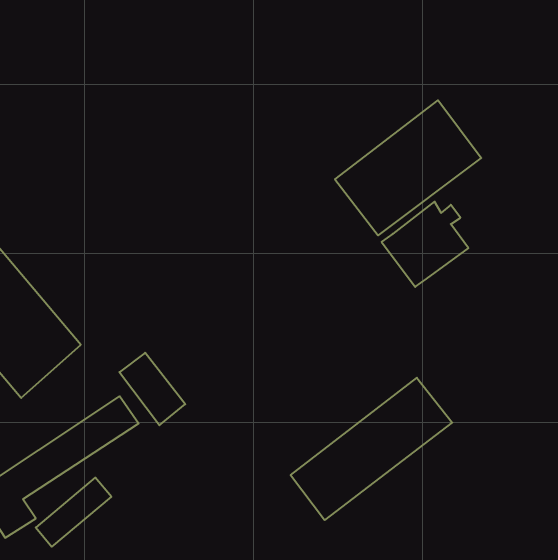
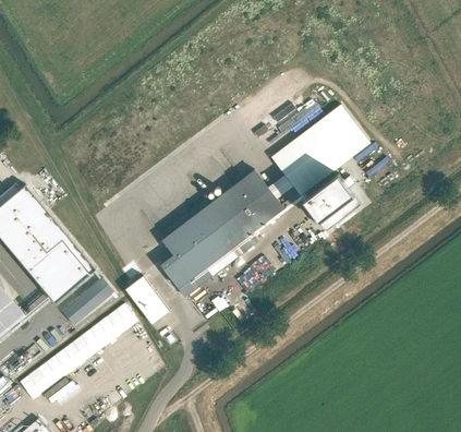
building: none -> [160,169,282,297]
building: [291,378,452,520] -> none
building: [36,478,111,547] -> [64,280,116,327]

